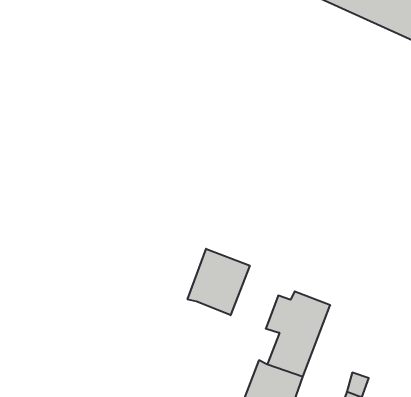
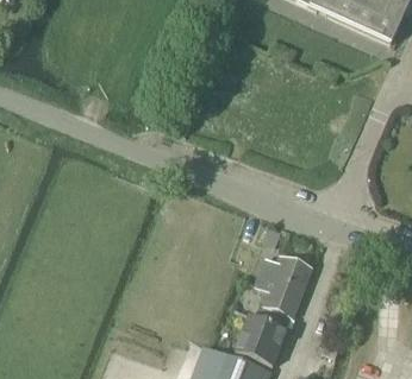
building: [188,249,250,315] -> none

